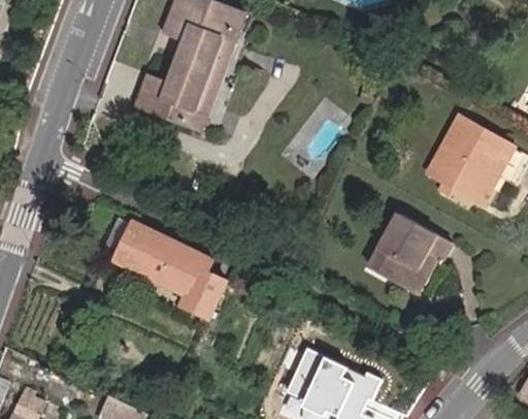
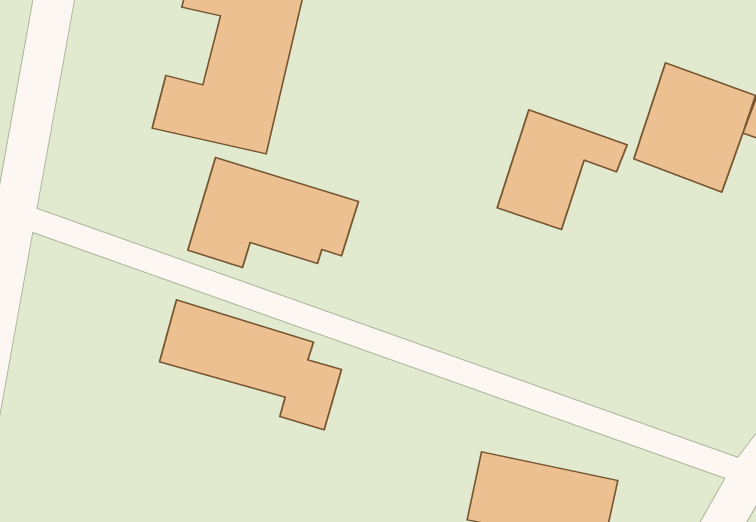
building: none -> [188,158,358,268]
building: [363,217,449,293] -> [497,110,627,230]

